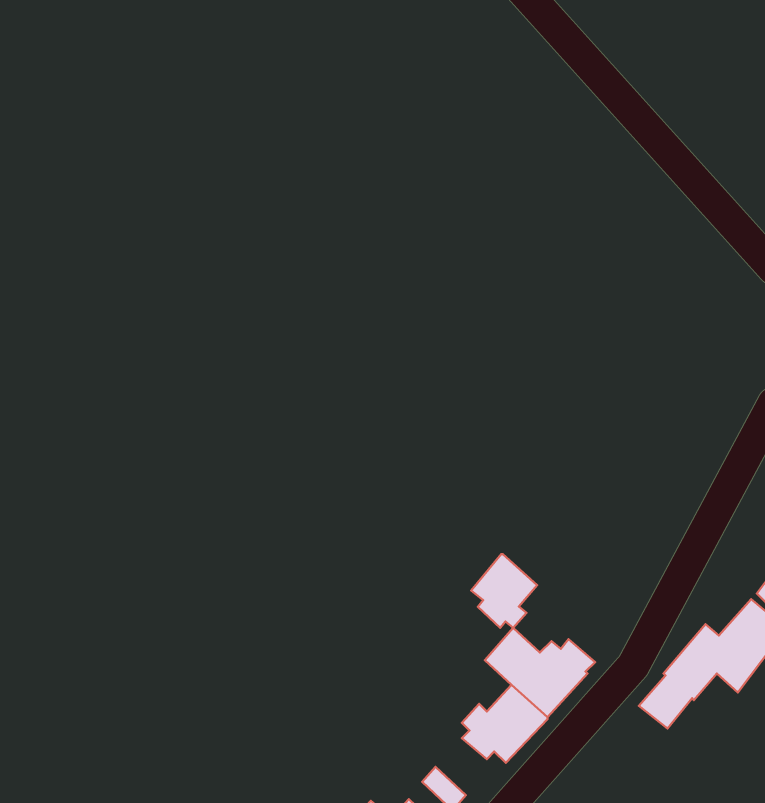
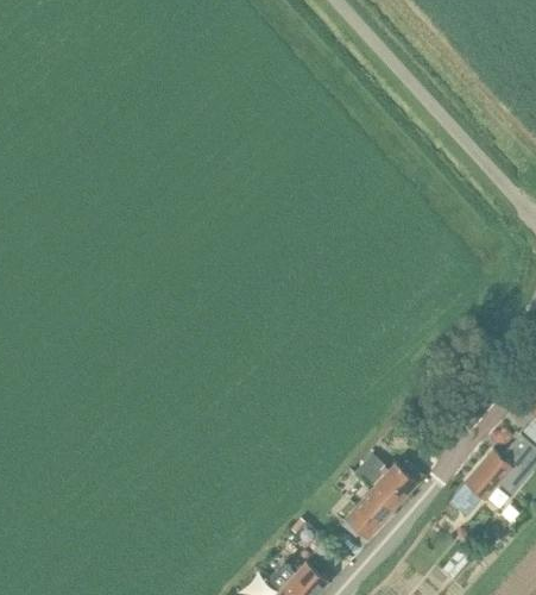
building: [471,554,537,628] -> none

